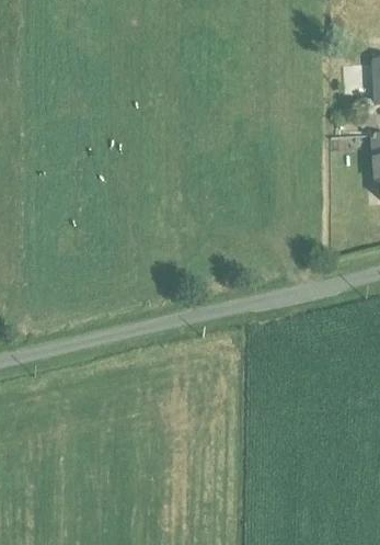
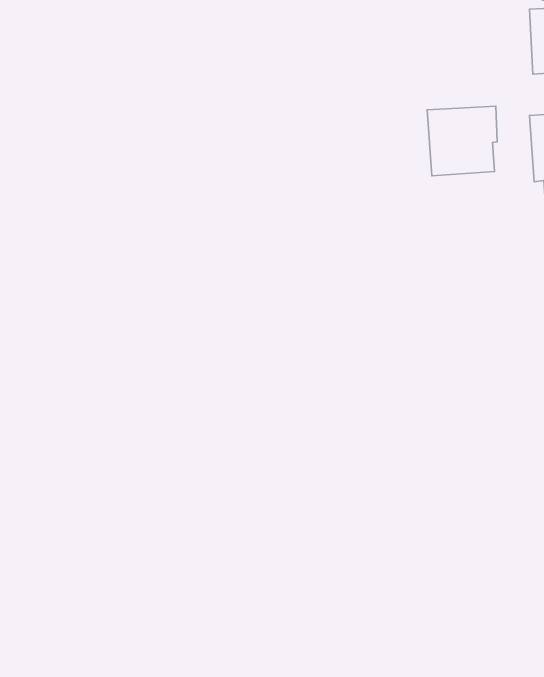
building: none -> [427,106,497,176]

